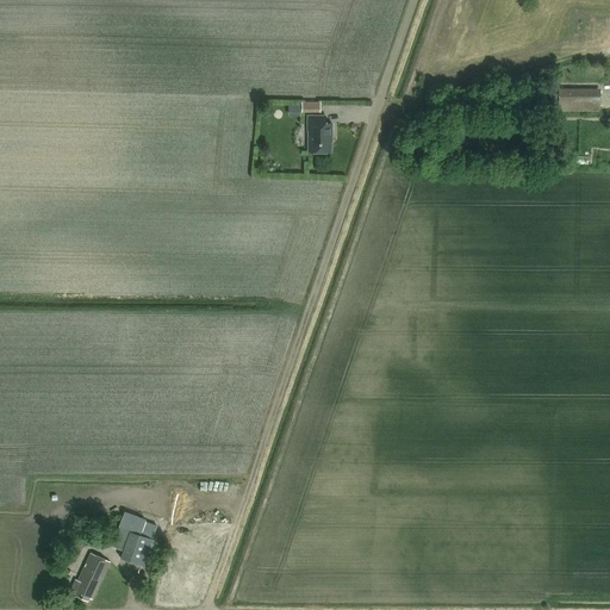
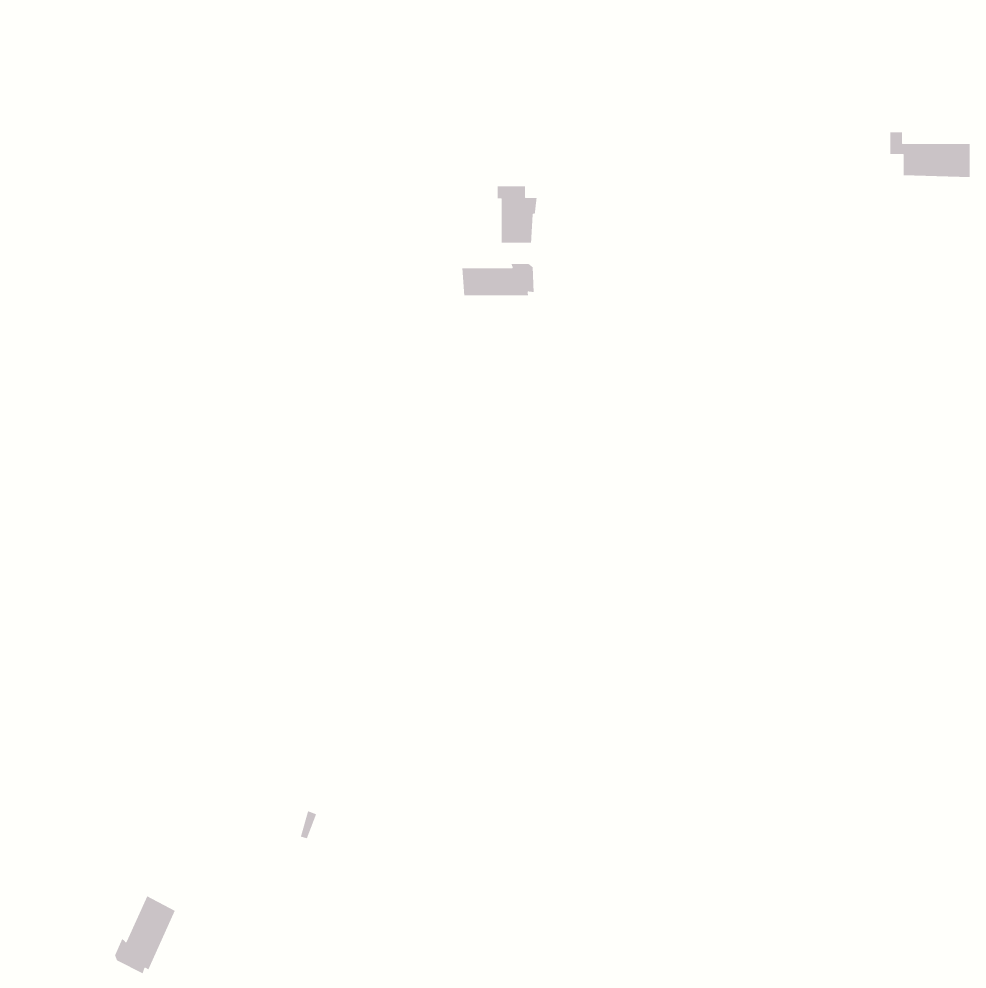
building: none -> [461,263,535,296]
building: [118,521,160,568] -> none

